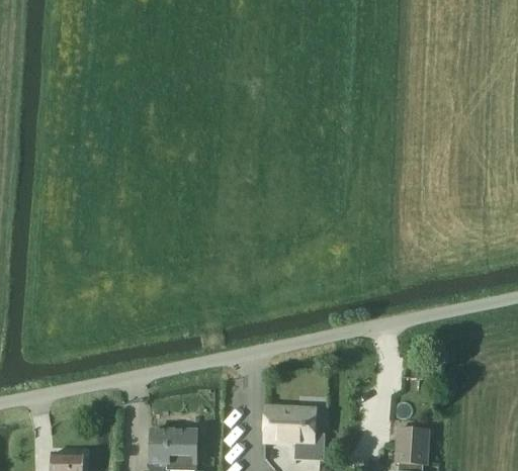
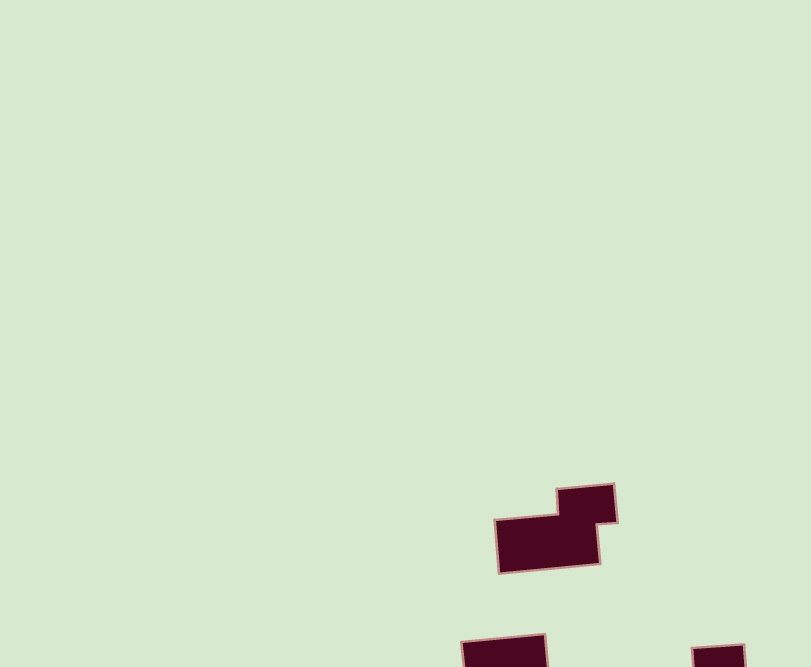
building: none -> [495,483,618,574]

